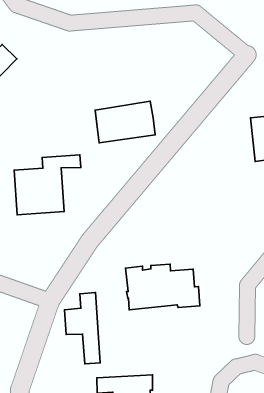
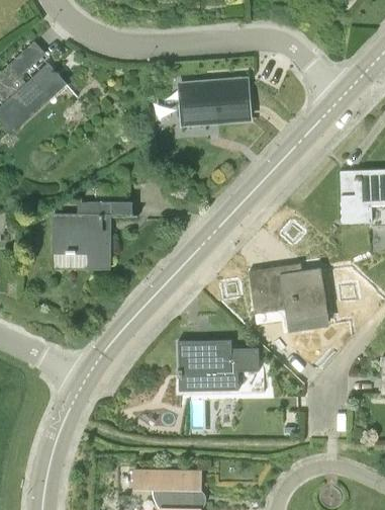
building: [95,101,155,143] -> [180,79,250,124]
building: none -> [249,266,328,328]
building: [65,293,100,364] -> none

